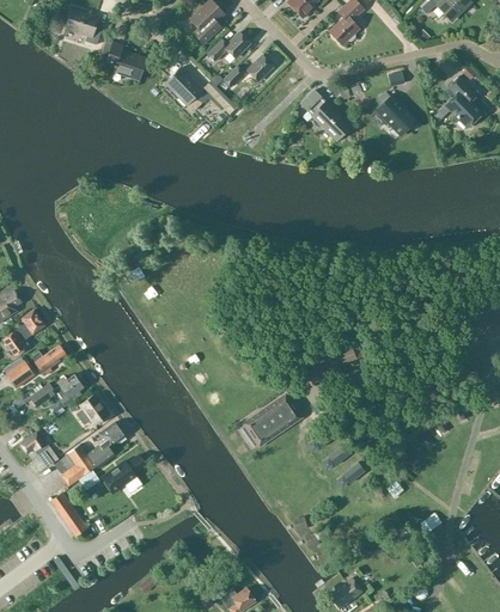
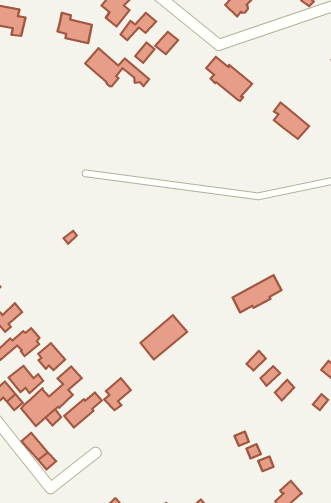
building: [104,42,144,79] -> [57,13,92,43]
building: [374,91,414,134] -> [274,102,309,139]
building: [244,396,298,443] -> [141,315,187,359]
building: none -> [9,366,43,393]
building: none -> [104,378,131,410]

